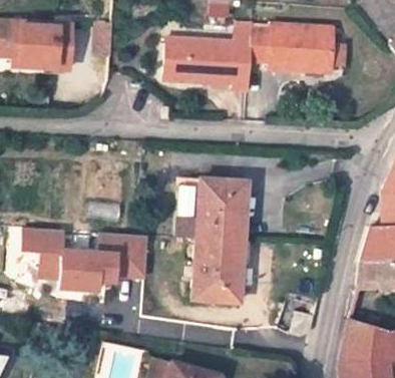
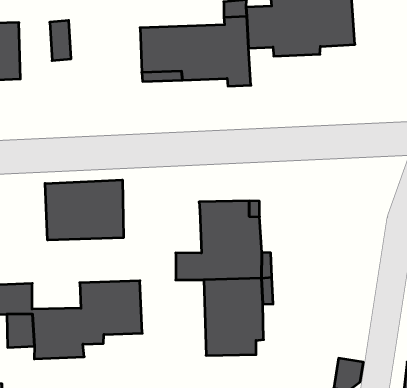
building: none -> [45,180,123,240]

